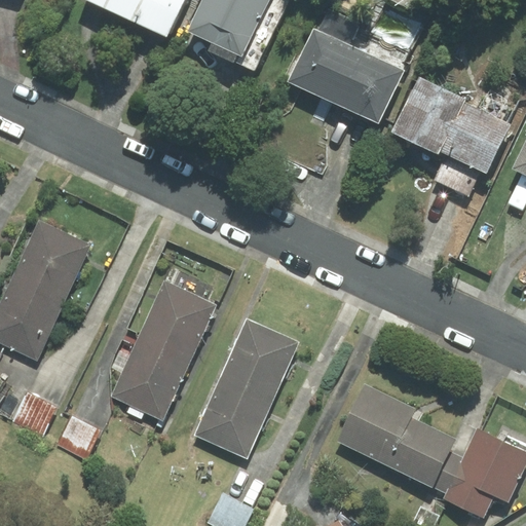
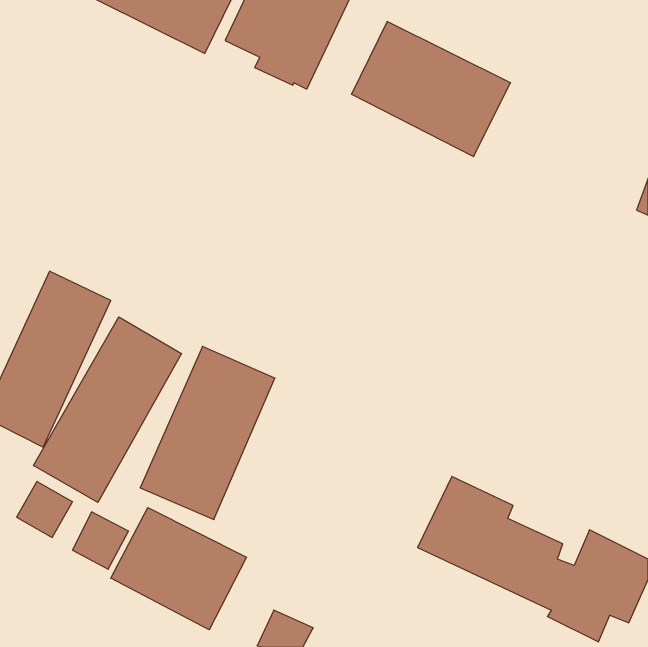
building: [392,81,512,178] -> none
building: none -> [33,317,182,502]
building: [194,316,297,459] -> none
building: none -> [111,508,247,630]

